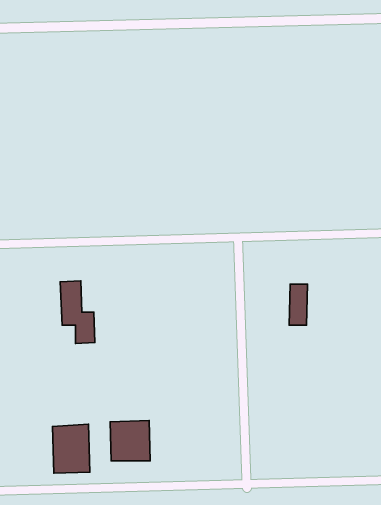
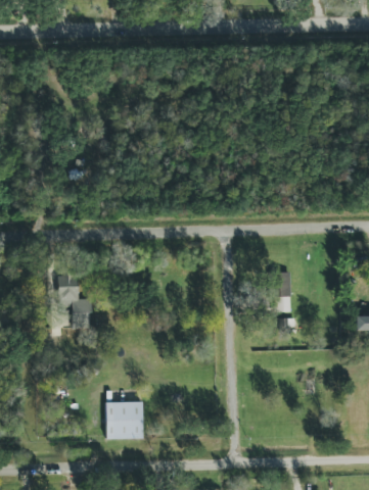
building: [52,424,90,473] -> none

